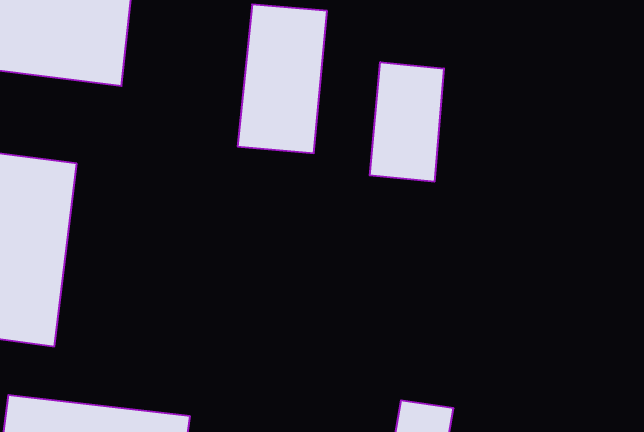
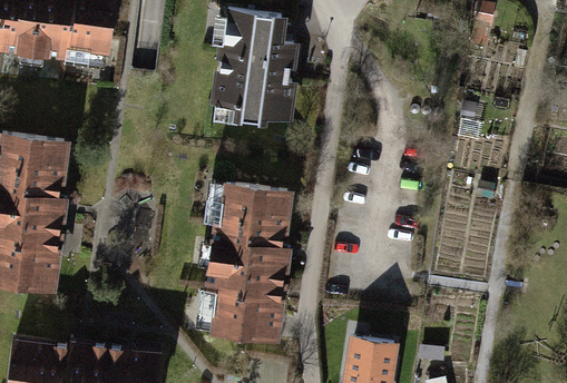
building: [370,62,444,182] -> none
building: none -> [199,180,300,343]

